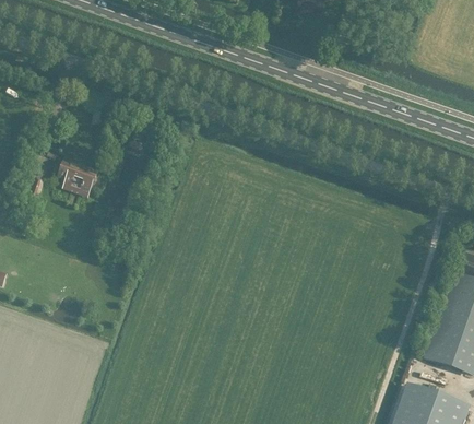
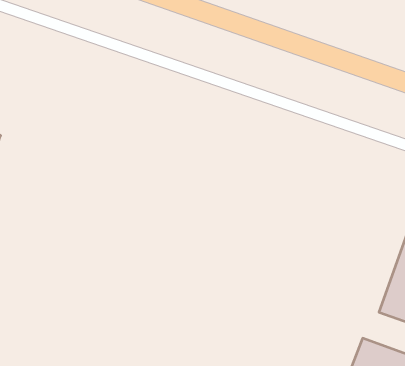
building: [59,157,98,196] -> none

